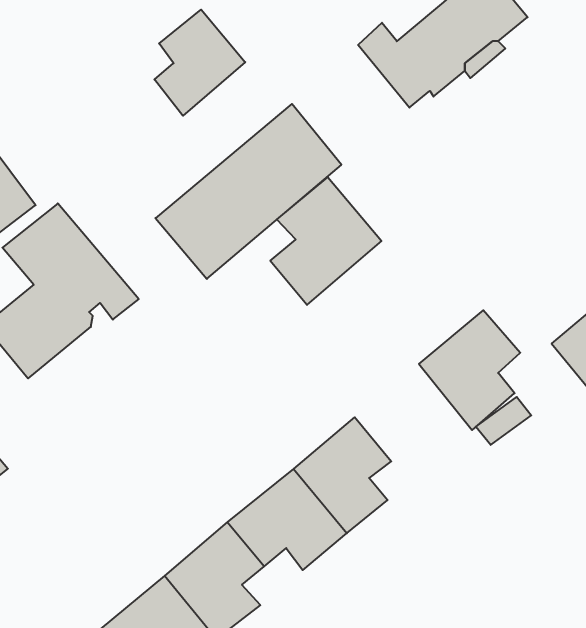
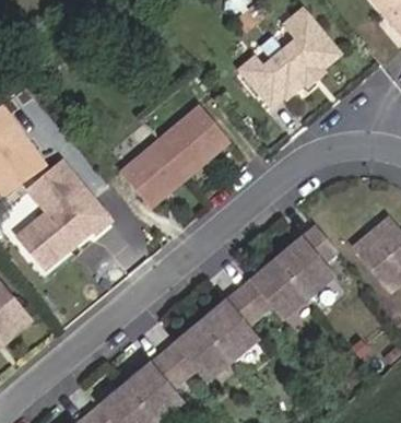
building: [154,10,245,116] -> none
building: [270,177,381,305] -> none
building: none -> [237,258,307,318]

